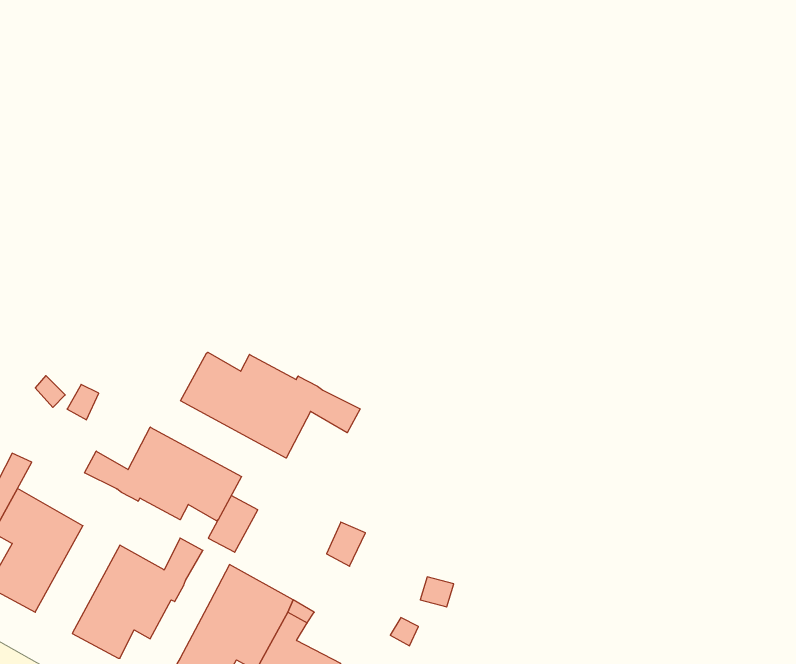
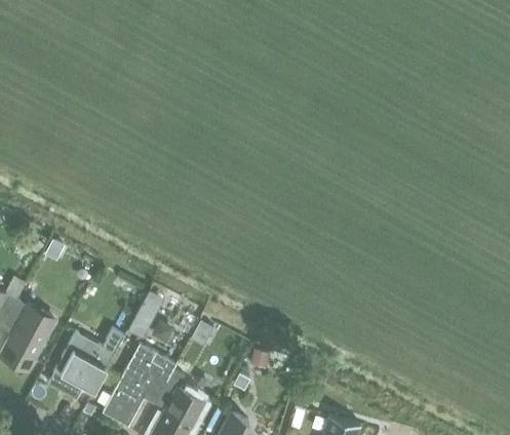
building: [181,352,360,458] -> none
building: [85,427,242,521] -> none

